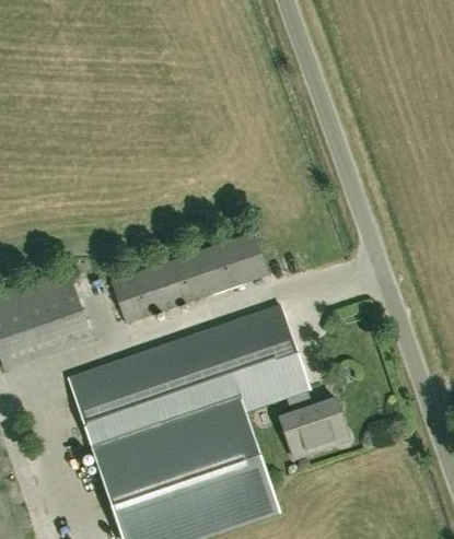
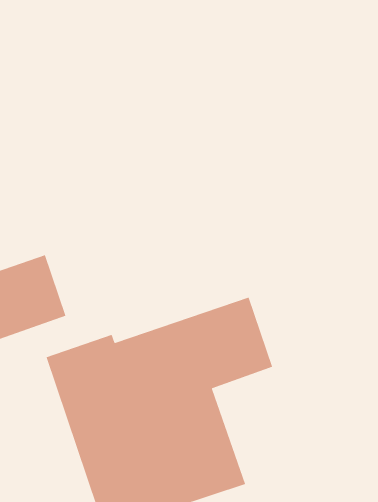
building: [112,232,268,323] -> none
building: [279,389,349,457] -> none

